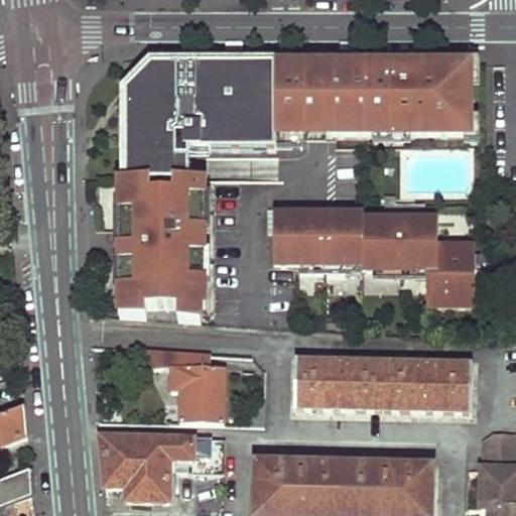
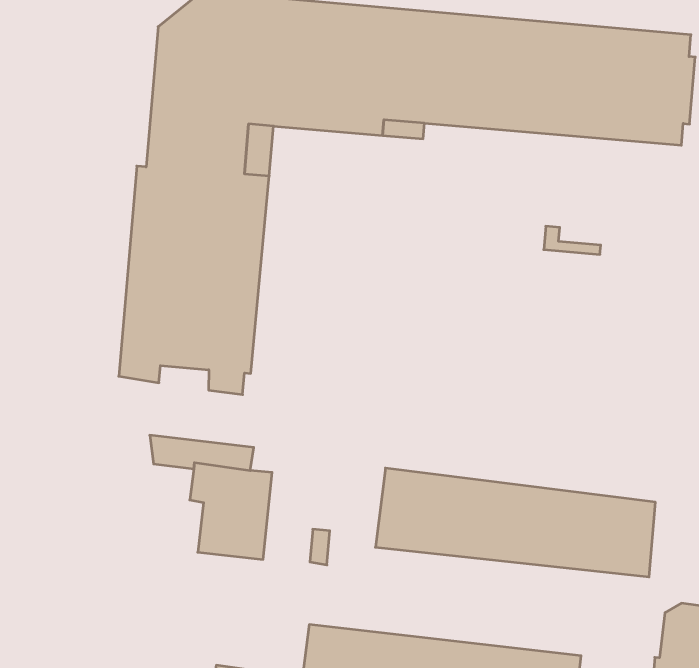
building: [272,210,474,301] -> none
building: [99,431,221,490] -> none

